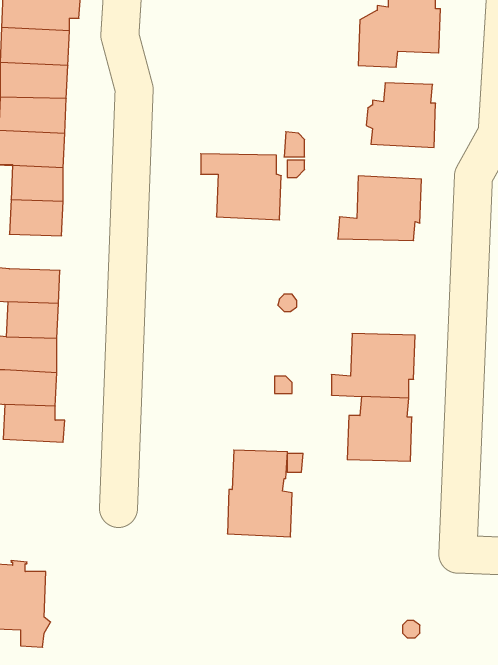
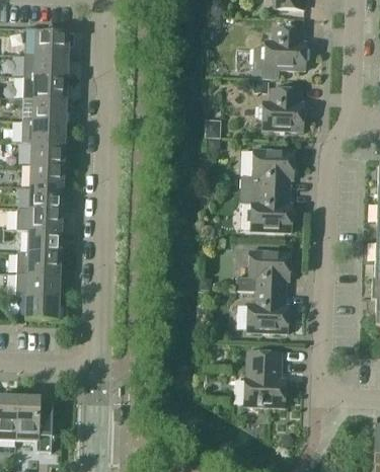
building: [201,154,281,220] -> [240,188,292,231]
building: none -> [29,185,63,209]
building: [227,450,292,537] -> [243,350,285,406]

